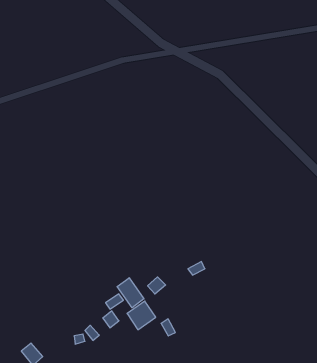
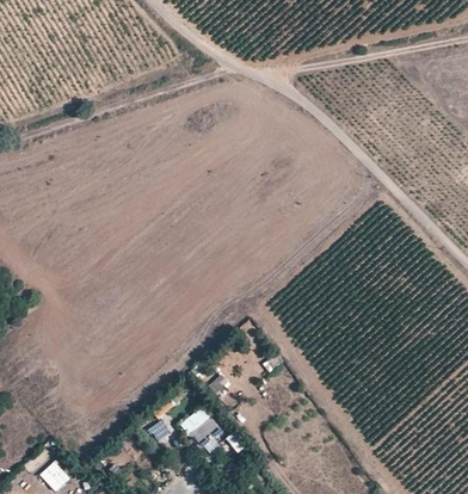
building: [117,278,144,308] -> none

